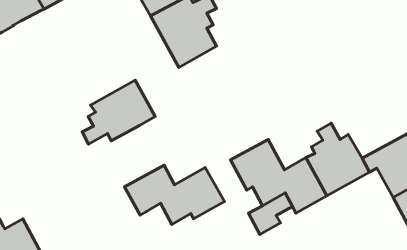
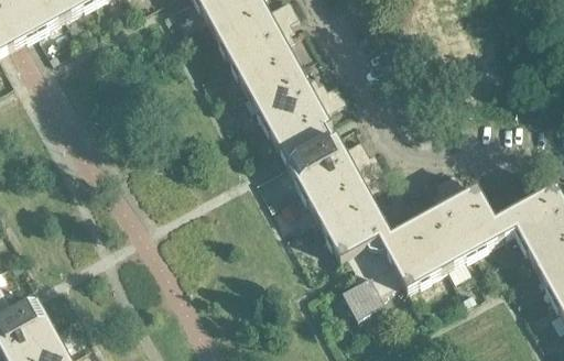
building: none -> [248,65,383,218]
building: [82,80,155,144] -> none
building: [125,165,224,225] -> none

